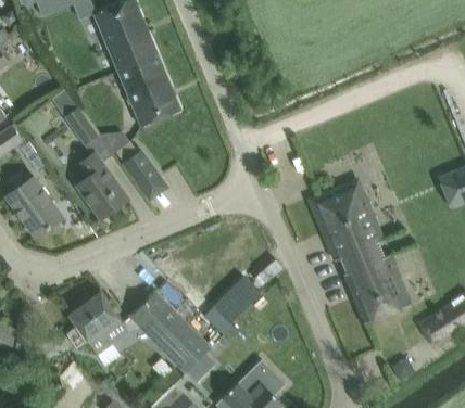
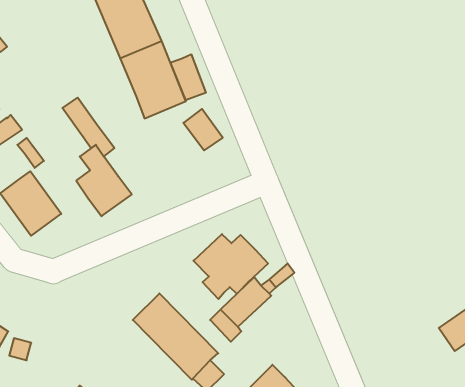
building: none -> [170,54,206,100]
building: [123,150,160,189] -> [183,109,223,150]
building: [310,189,411,322] -> none
building: none -> [193,234,268,299]
building: [66,292,129,356] -> none

